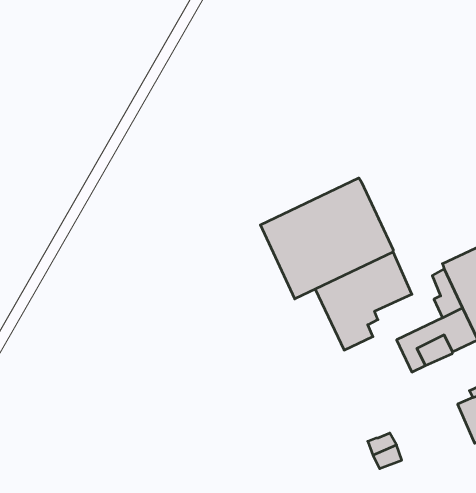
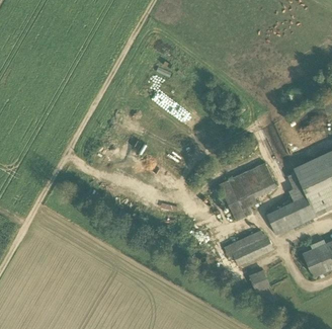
building: [260,178,393,299] -> none
building: none -> [227,230,271,265]

